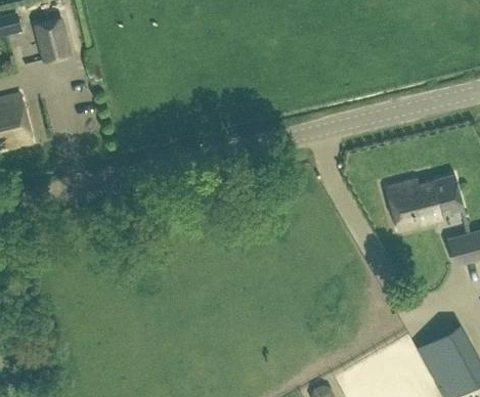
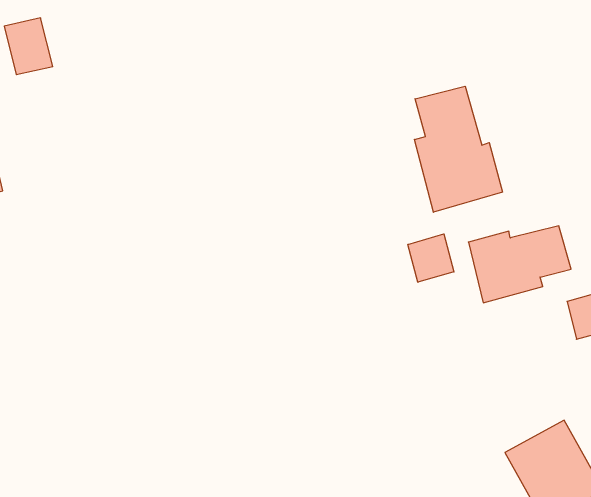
building: none -> [414,86,502,212]
building: none -> [408,234,454,282]

